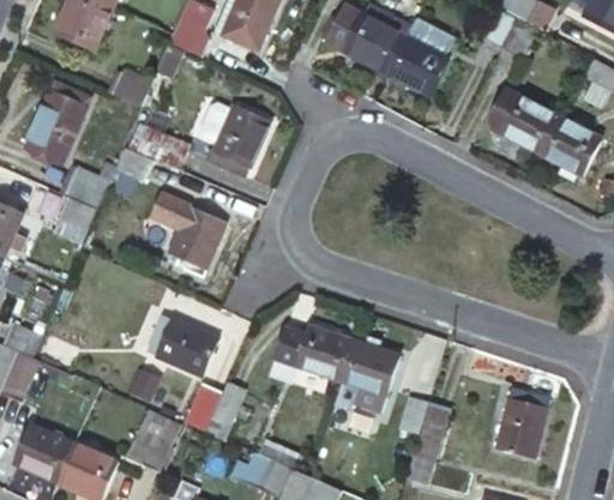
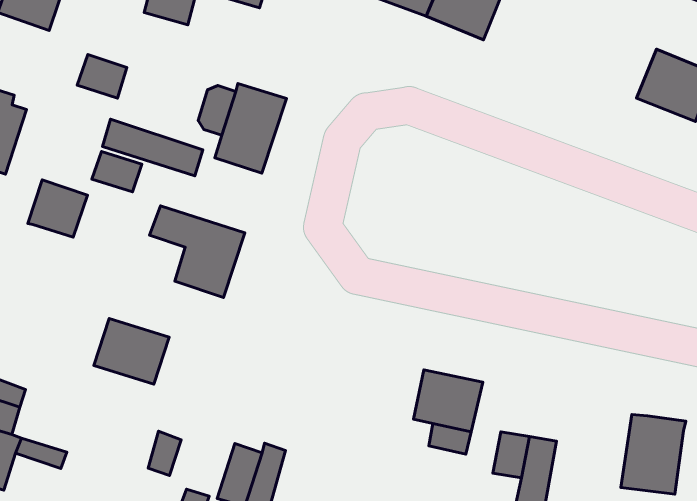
building: [487,86,558,150] -> none
building: [54,197,95,243] -> none
building: [156,319,216,373] -> [94,319,169,384]
building: [275,325,353,378] -> none

